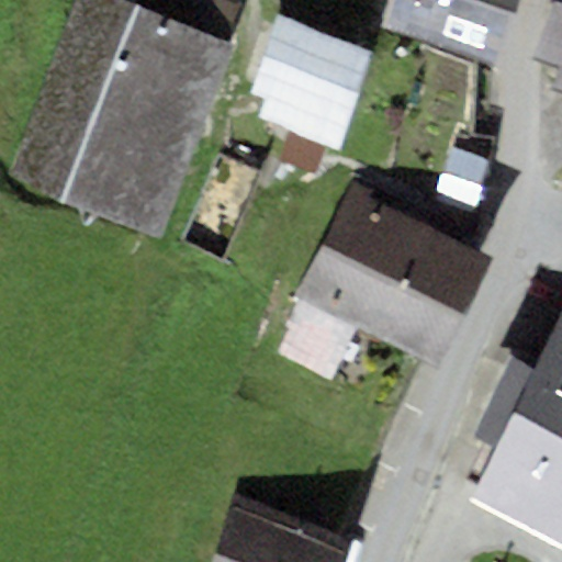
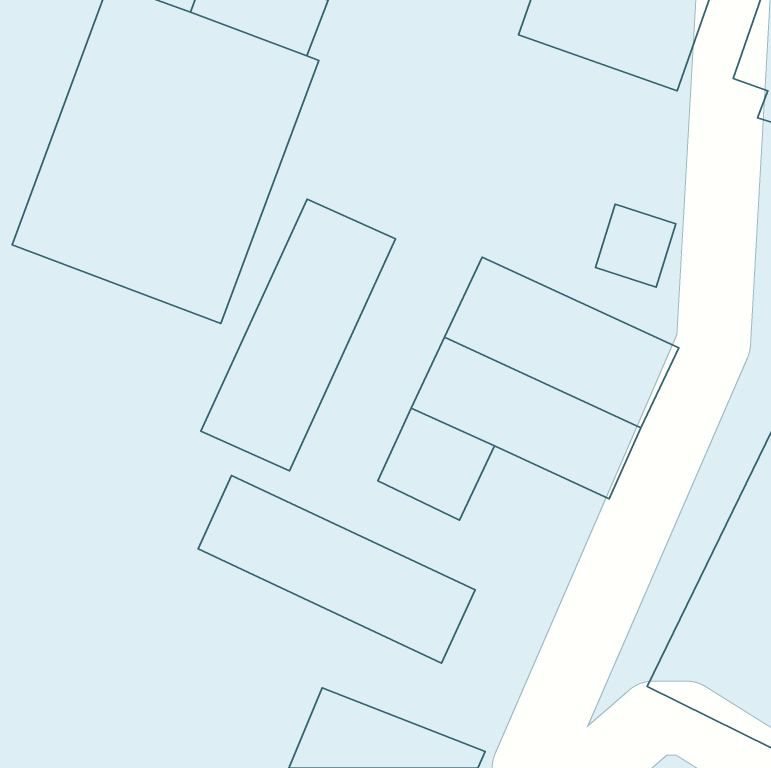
building: [252,13,373,147] -> none
building: none -> [201,199,396,471]
building: none -> [198,476,475,663]

